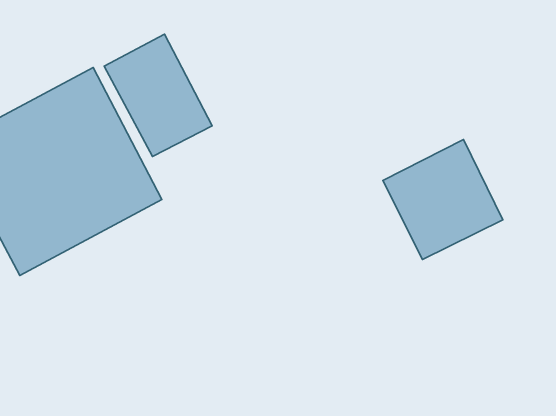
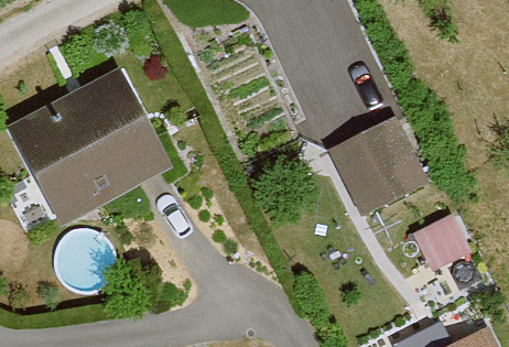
building: [104,34,212,157] -> none

